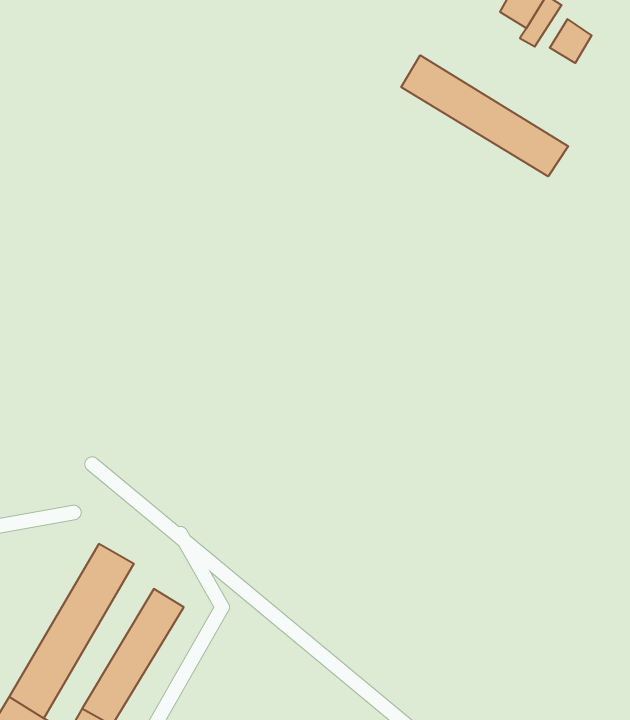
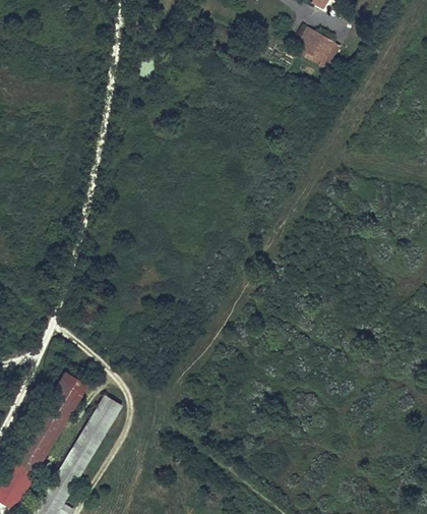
building: [550,19,592,63] -> none
building: [401,55,568,176] -> none

